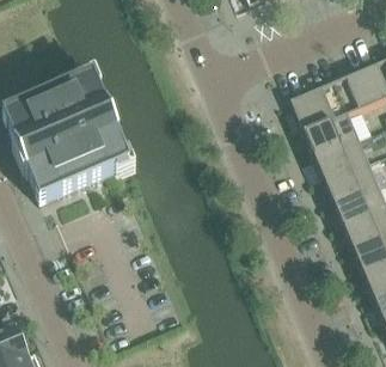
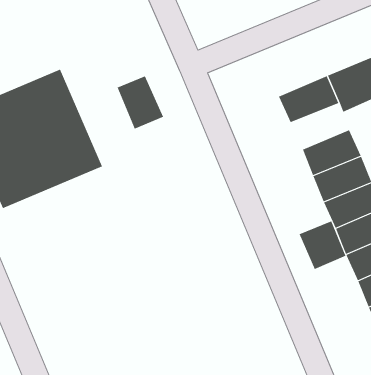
building: none -> [117,76,164,129]
building: [301,105,355,147] -> none
building: none -> [299,221,346,270]

